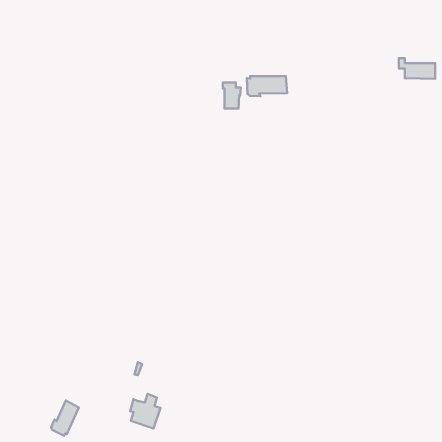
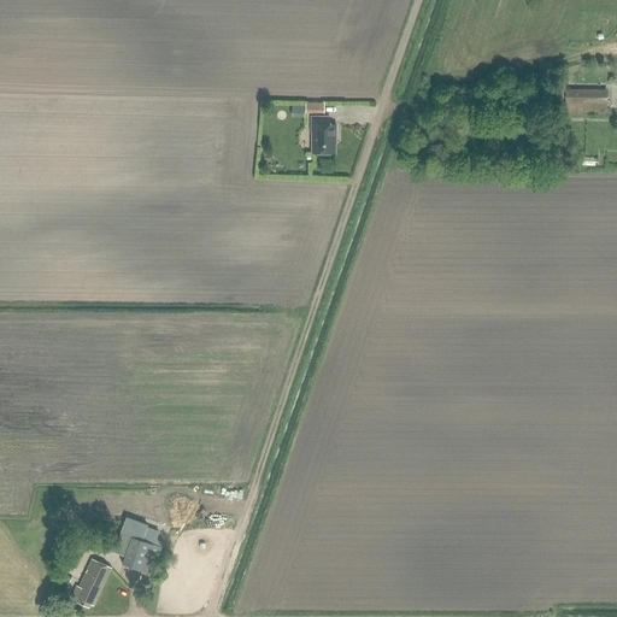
building: [247,76,287,96] -> none
building: [130,394,160,429] -> [119,525,161,574]

